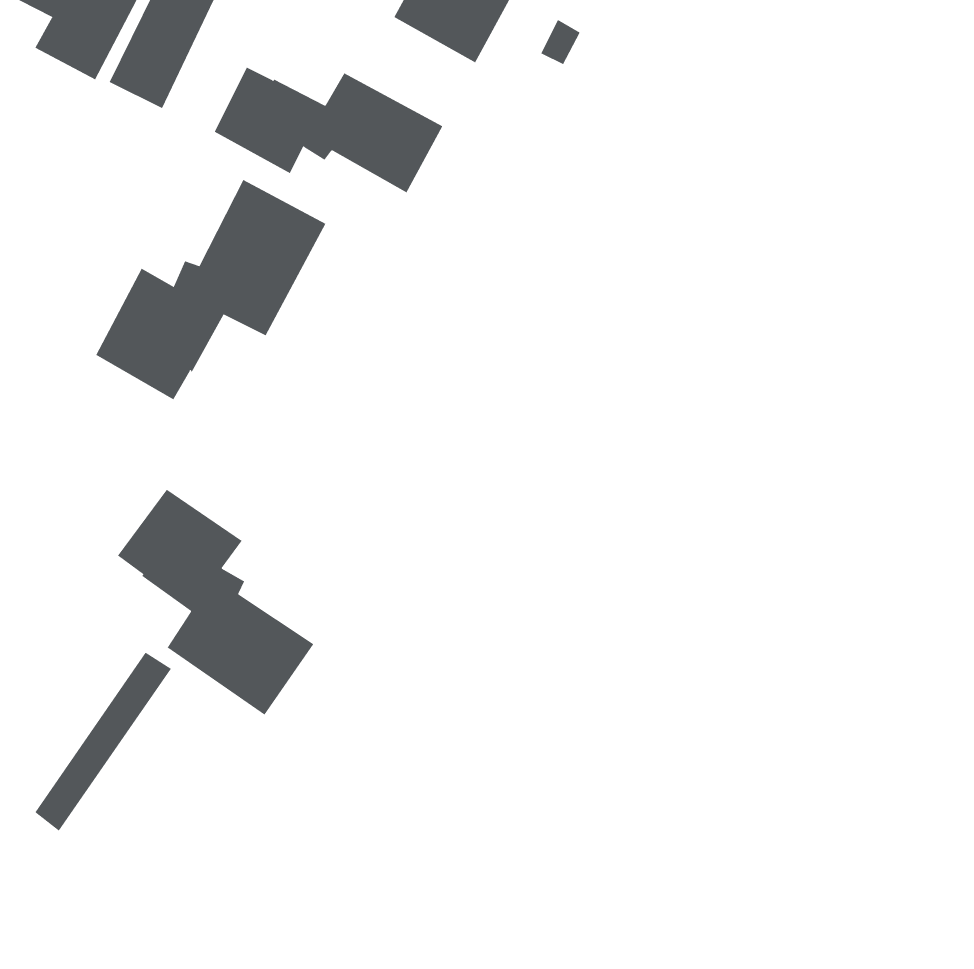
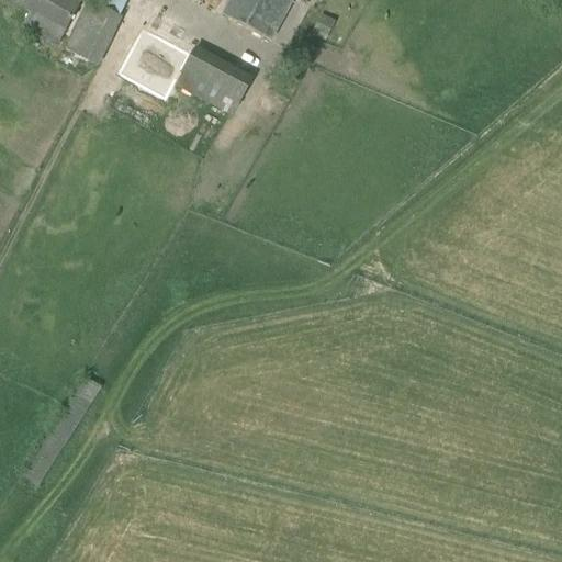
building: [95,179,326,400] -> none
building: [117,489,314,716] -> none

